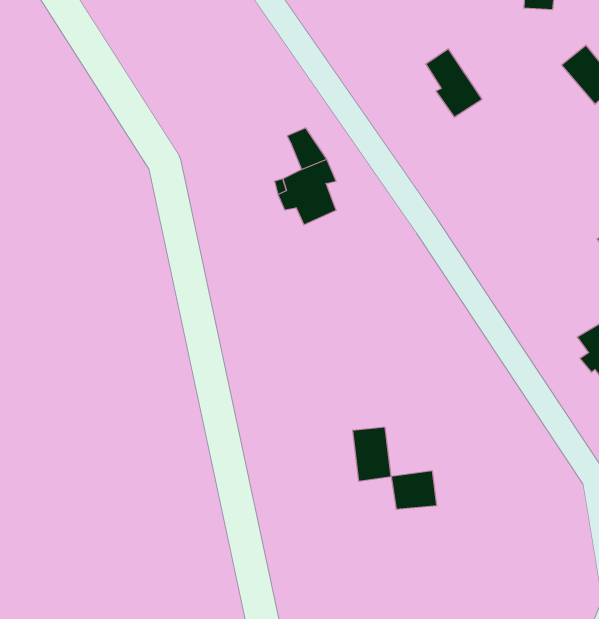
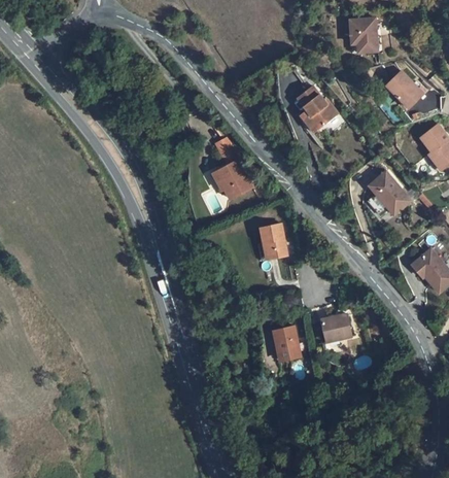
building: none -> [368,169,406,212]
building: none -> [257,227,288,265]
building: [391,471,437,509] -> [323,314,354,341]

